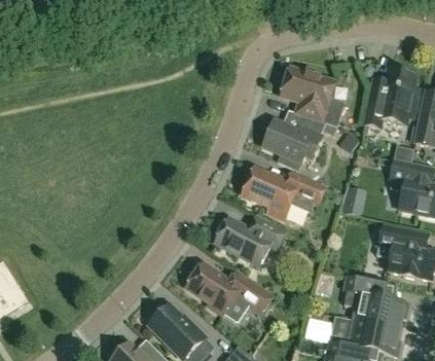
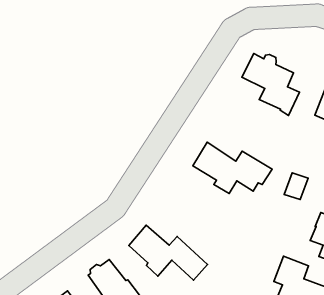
building: [263,114,326,166] -> none
building: [216,216,285,264] -> none

